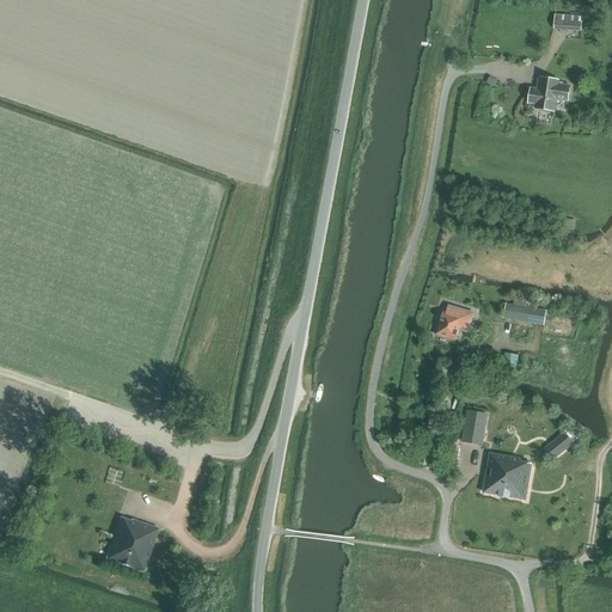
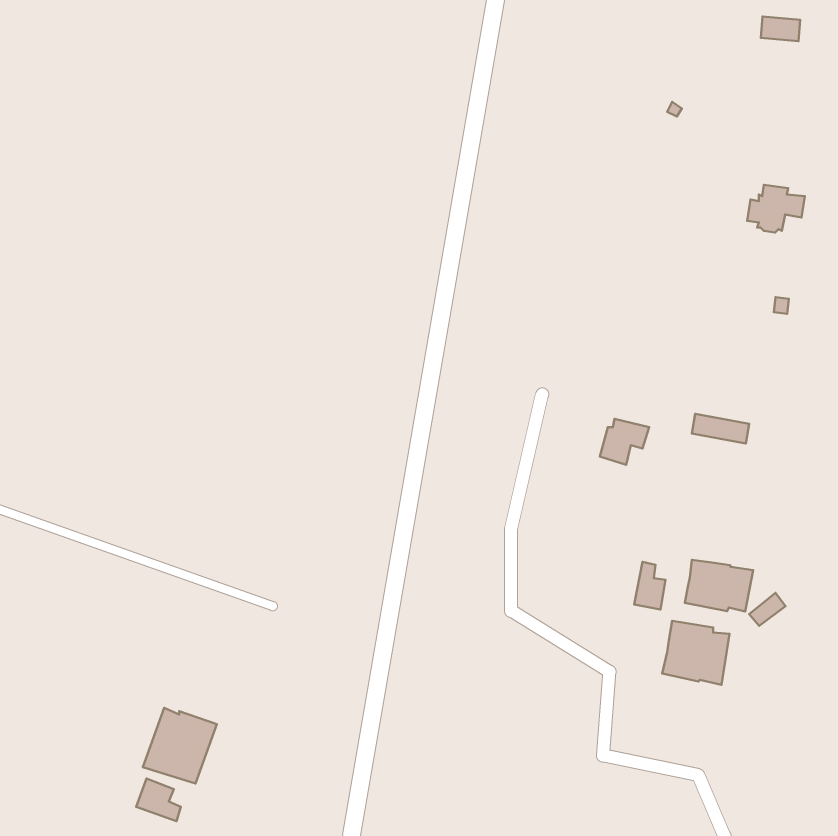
building: [527,76,569,111] -> [747,185,805,232]
building: none -> [685,560,753,611]
building: none -> [136,778,181,821]

